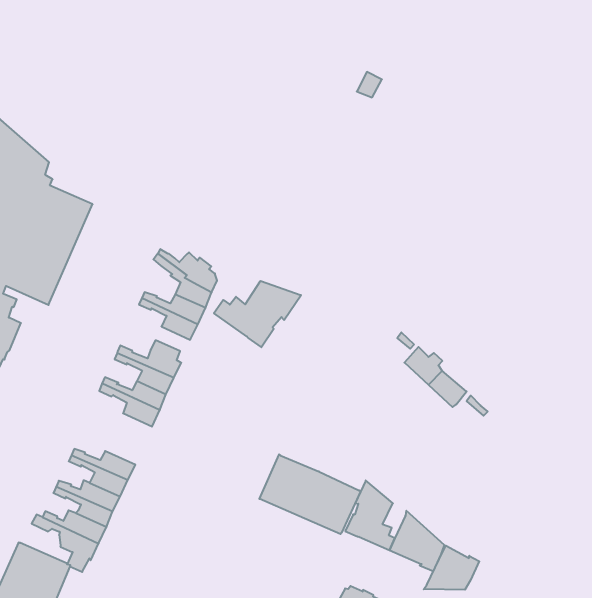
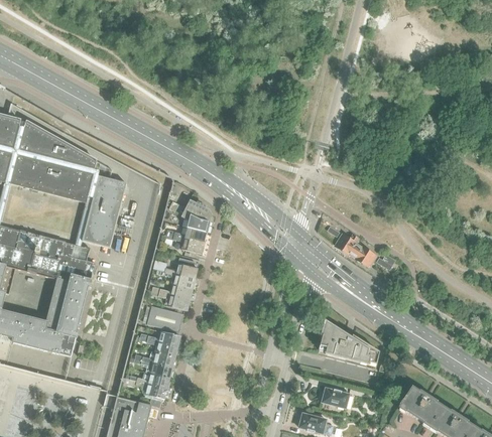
building: [214,281,301,347] -> none
building: none -> [146,305,183,332]
building: [259,454,361,534] -> none
building: [424,546,479,590] -> none

